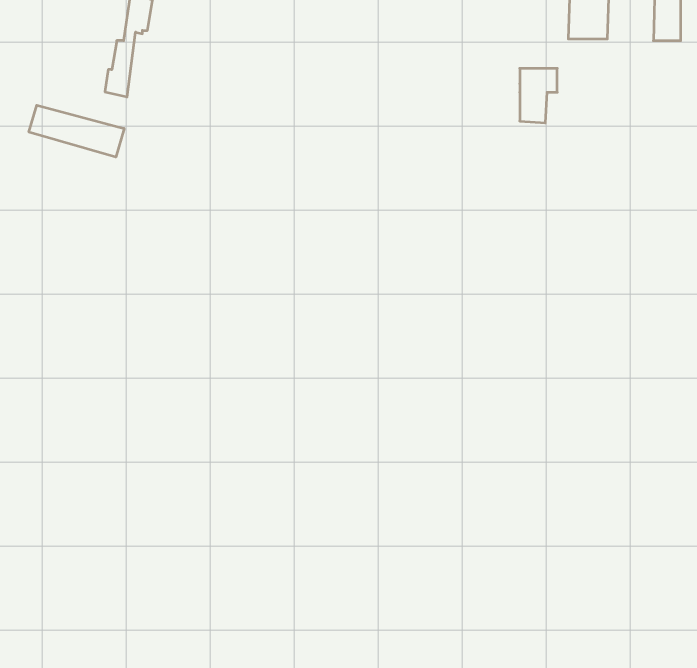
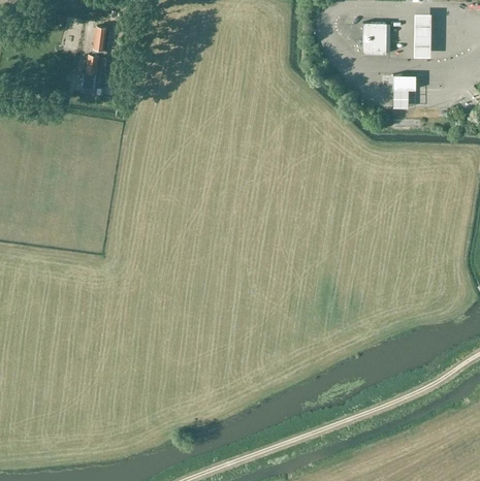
building: [520,68,557,123] -> [392,76,415,109]
building: [29,105,124,157] -> none

